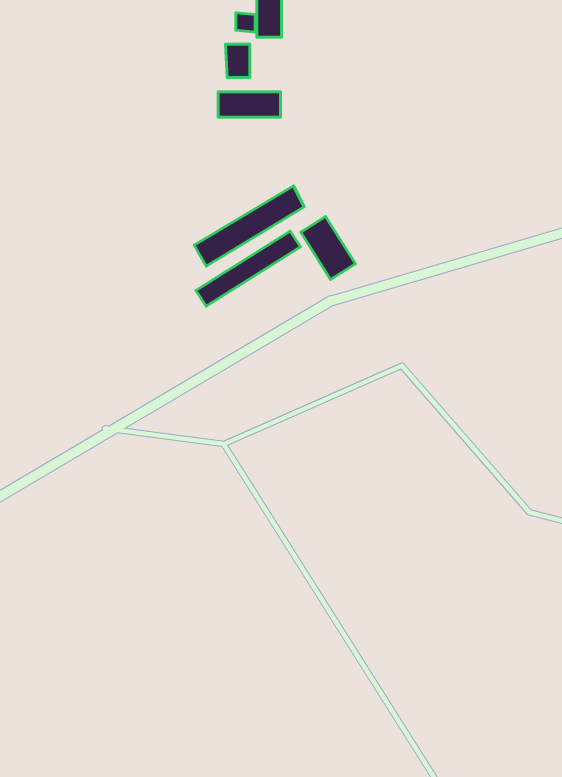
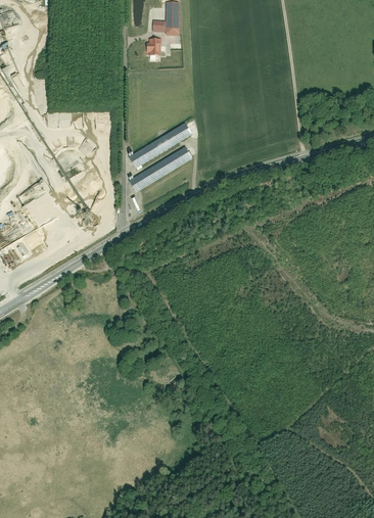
building: [218,92,281,117] -> none
building: [301,217,355,280] -> none

